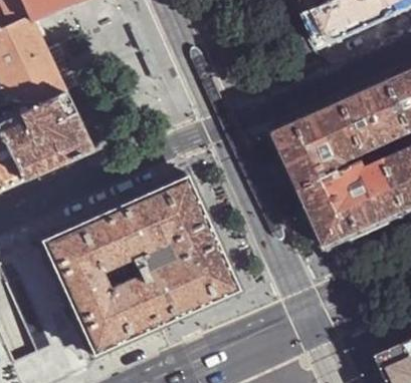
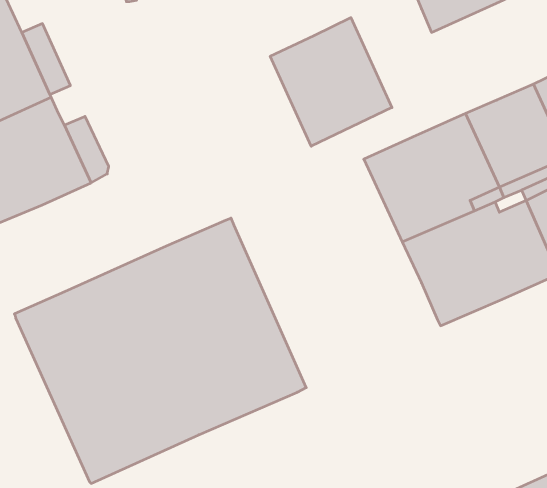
building: none -> [270,18,392,146]

